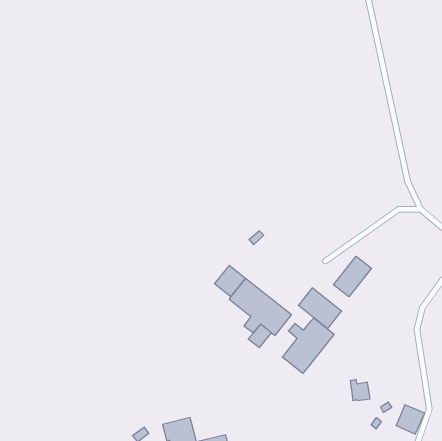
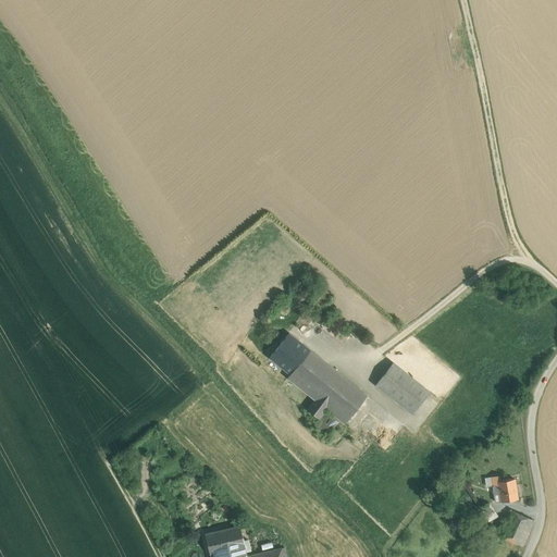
building: [334,256,371,297] -> none
building: [282,318,334,373] -> none
building: [350,380,370,400] -> [492,476,517,503]

